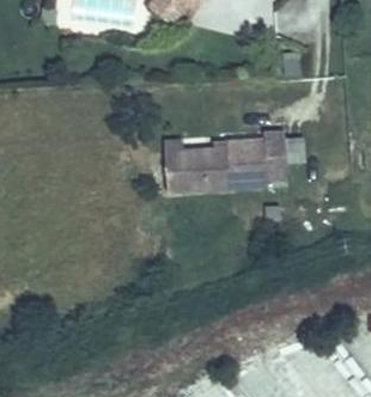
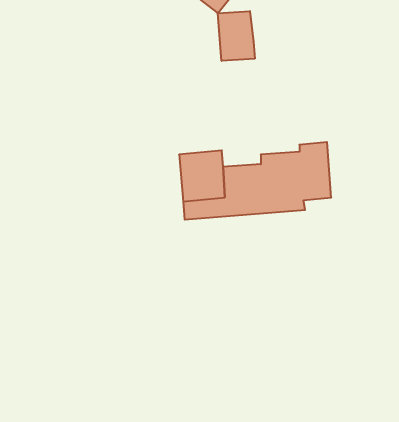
building: none -> [218,11,255,61]

